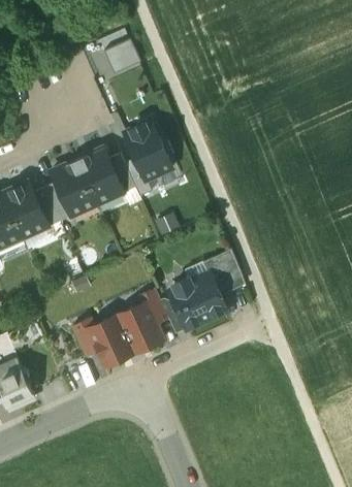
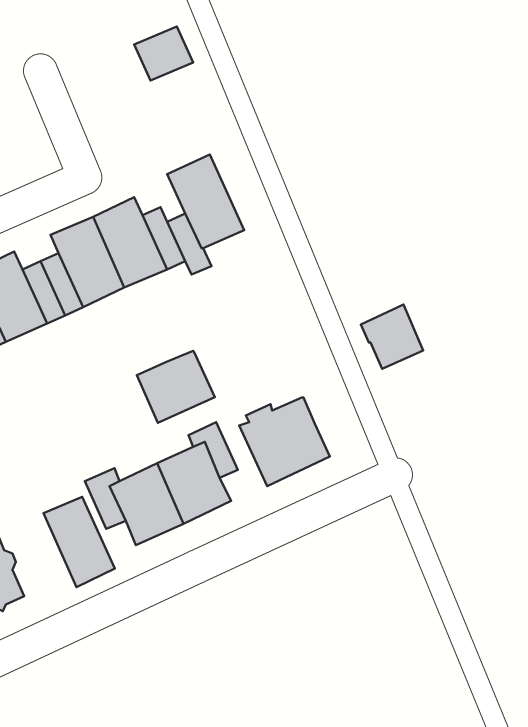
building: none -> [137,351,215,423]
building: [203,250,243,290] -> [361,305,423,369]
building: none -> [43,497,115,587]

